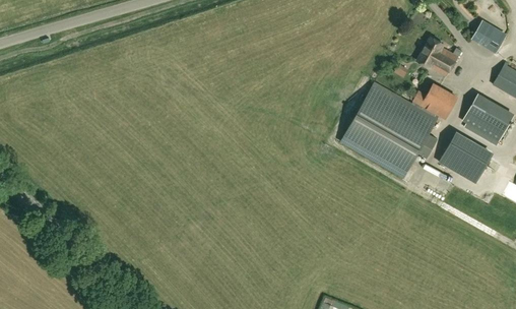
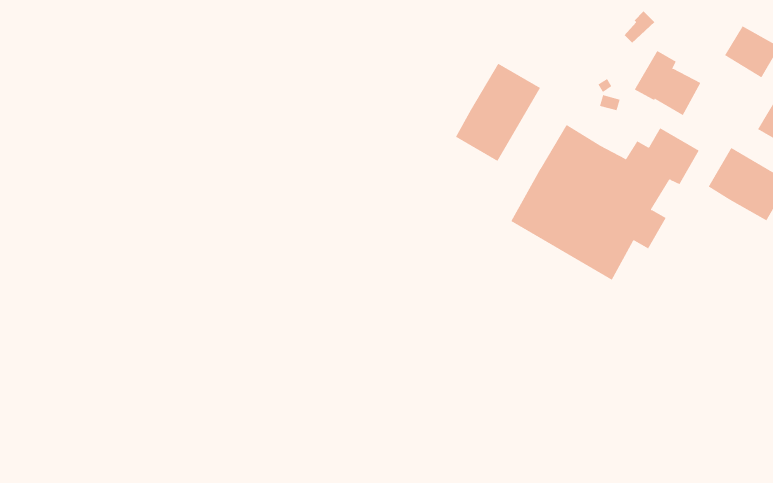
building: none -> [455,63,541,162]
building: [441,133,491,178] -> none

